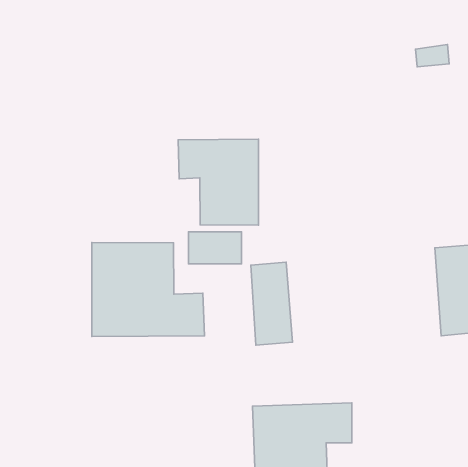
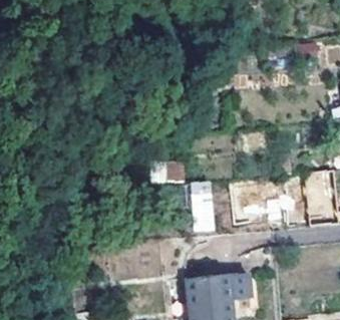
building: [178,139,259,225] -> none
building: [92,242,204,336] -> none

